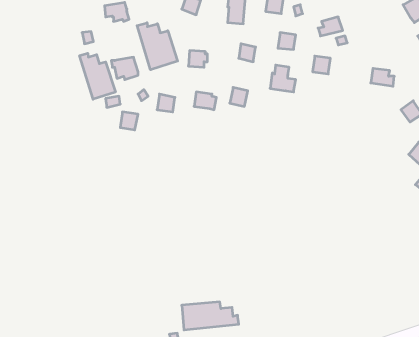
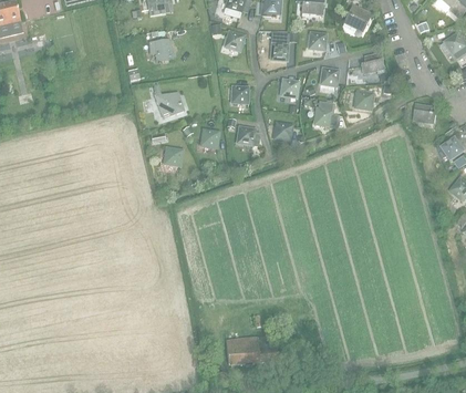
building: [137,23,178,70] -> none
building: [80,53,115,99] -> none

